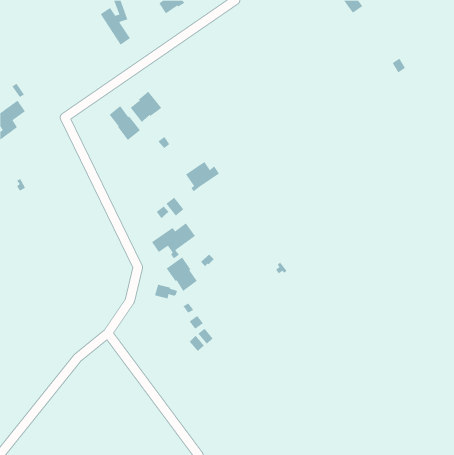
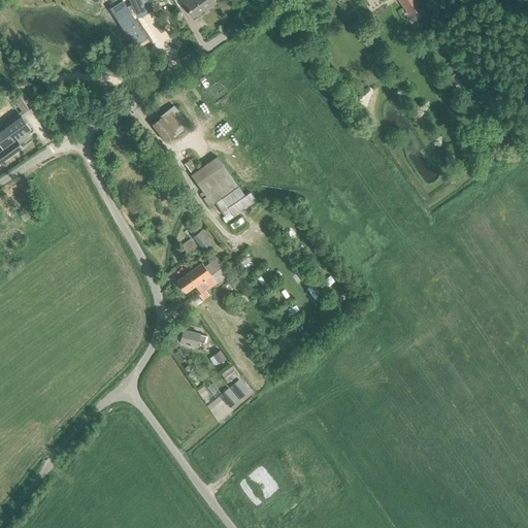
building: [109,105,141,141] -> none
building: none -> [189,157,236,206]
building: [166,257,198,292] -> none

